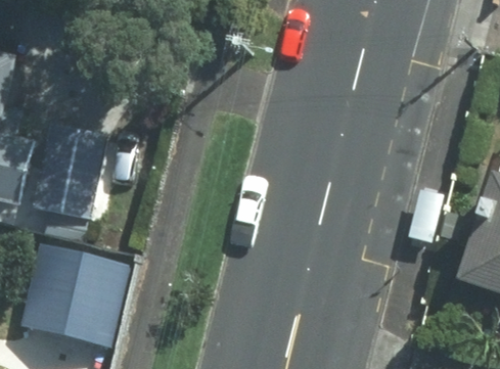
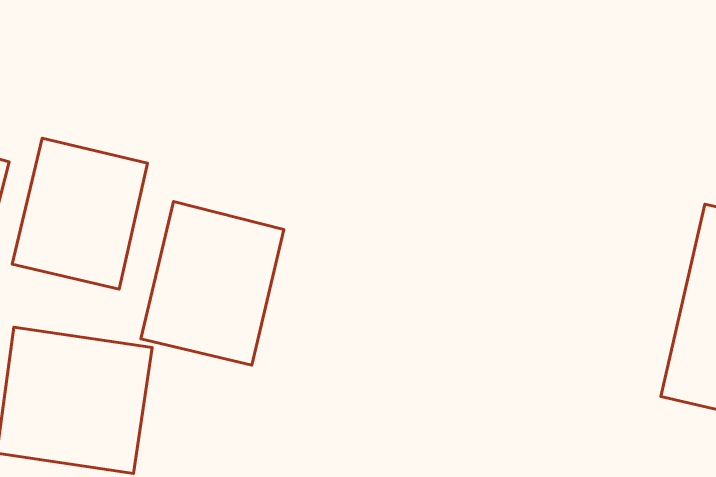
building: none -> [141,201,284,365]

